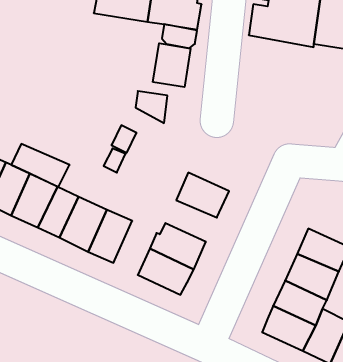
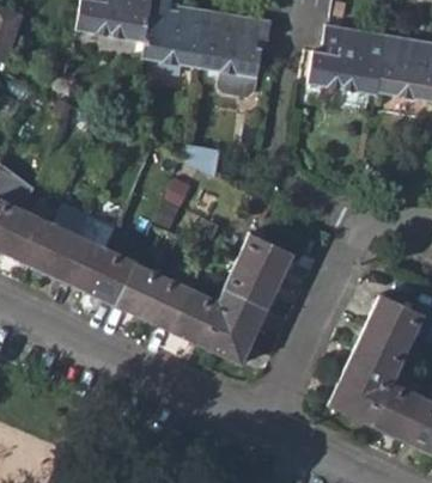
building: [153,43,190,87] -> none
building: none -> [221,262,278,307]
building: none -> [165,285,212,343]

